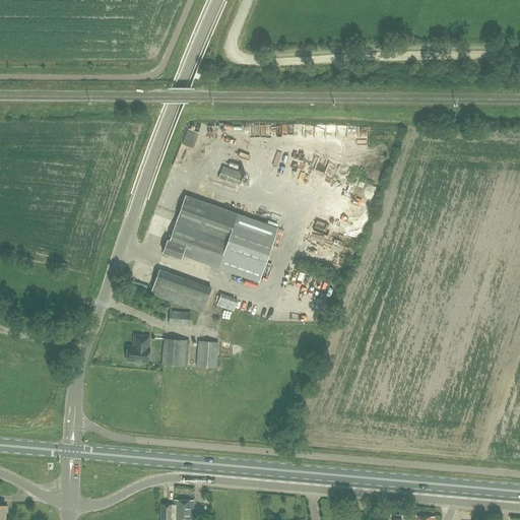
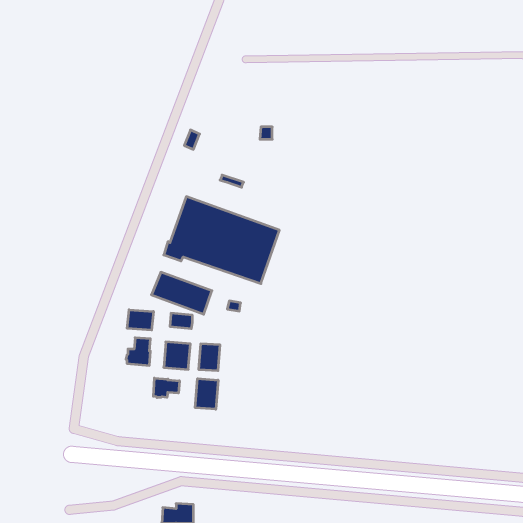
building: none -> [127,310,153,330]
building: none -> [153,378,179,398]
building: none -> [195,379,218,409]

